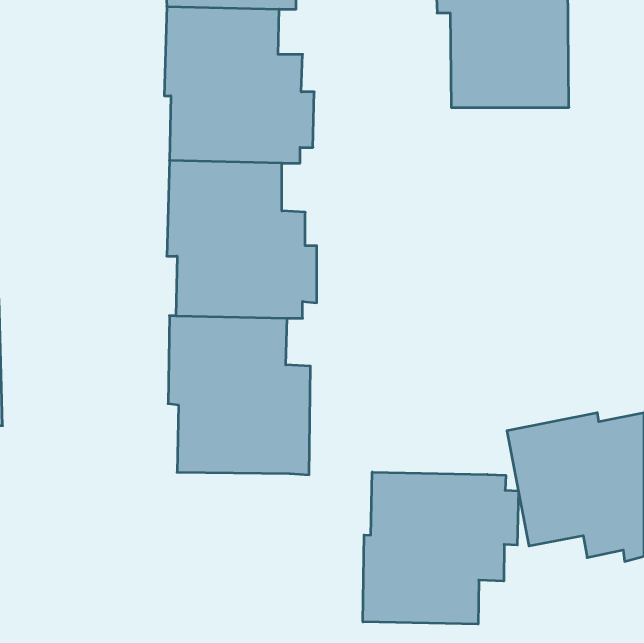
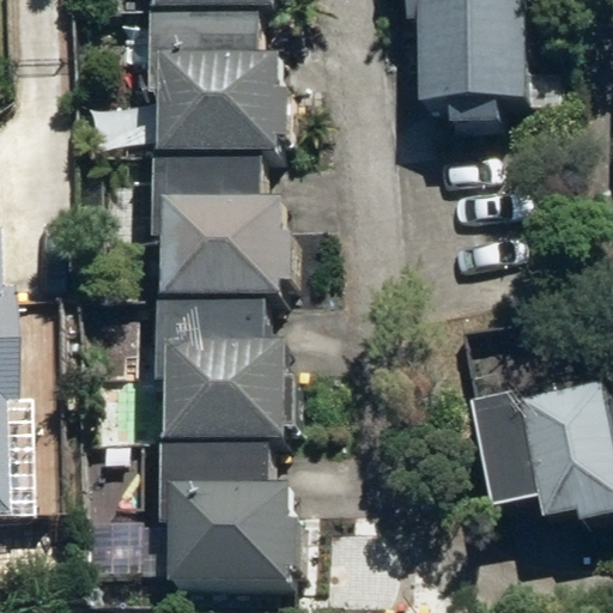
building: [363,472,518,624] -> none
building: none -> [158,437,301,582]

